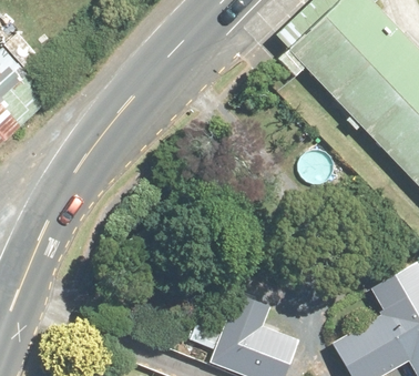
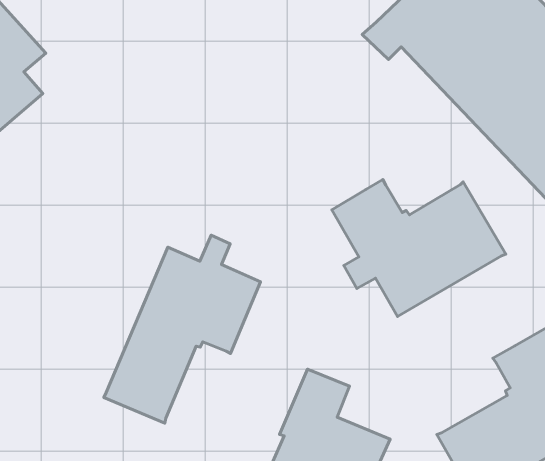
building: none -> [332,180,506,317]
building: none -> [104,235,261,423]

